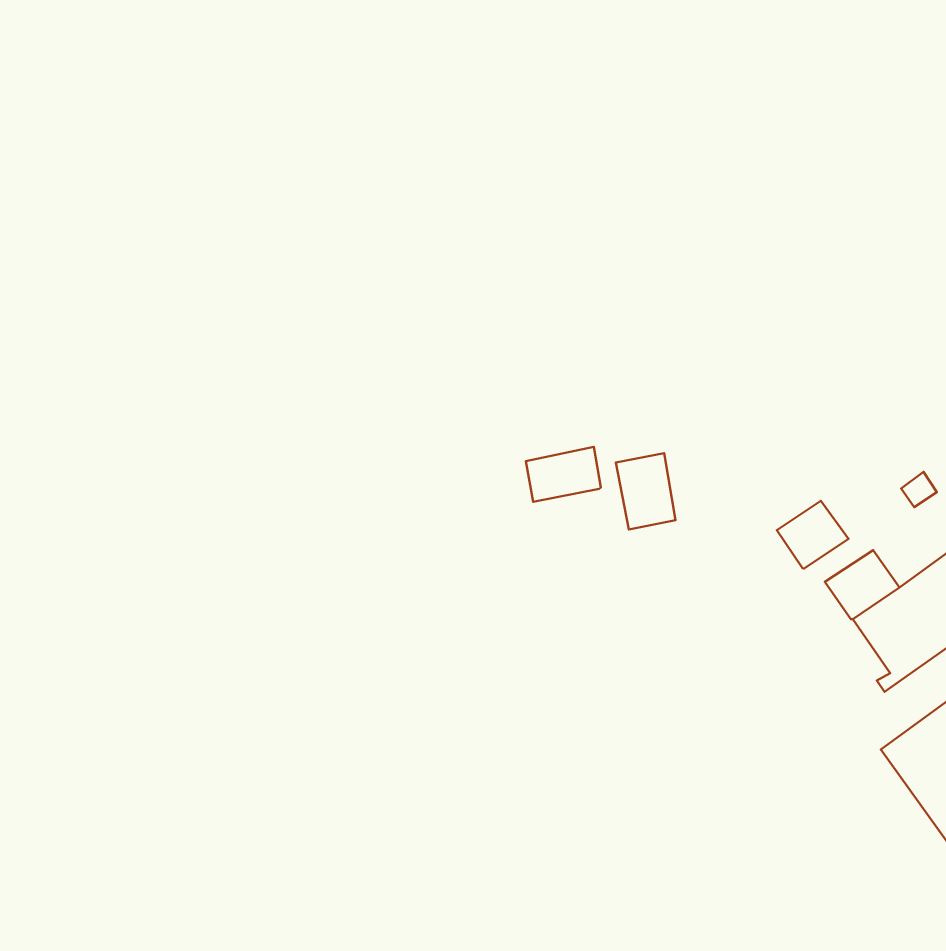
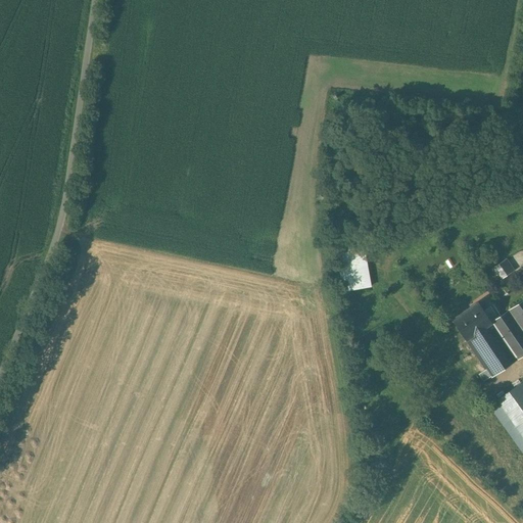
building: [526,447,601,502] -> none
building: [777,501,848,568] -> none

